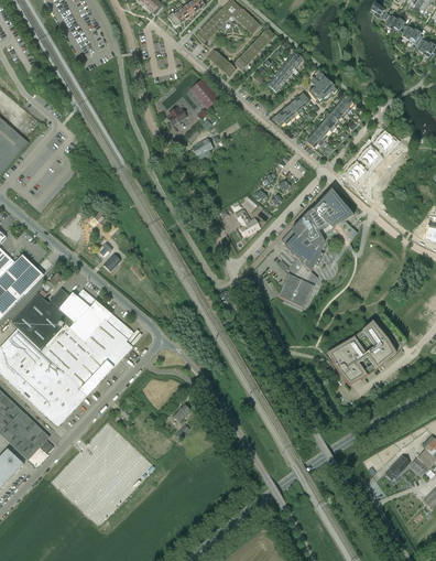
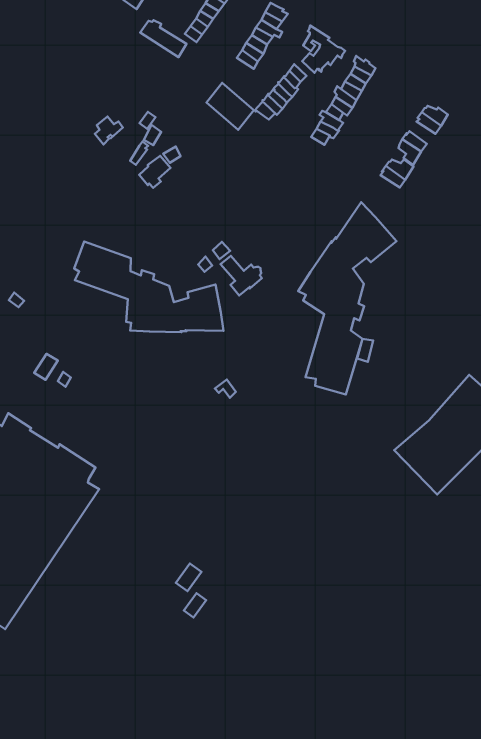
building: [190,77,220,109] -> [206,83,254,130]
building: none -> [74,241,224,332]

